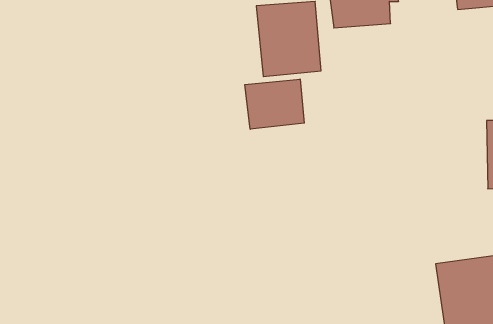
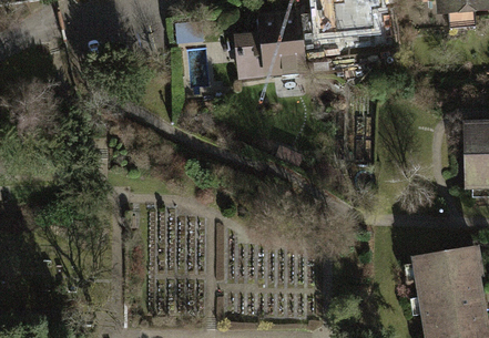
building: [245,79,304,129] -> none

